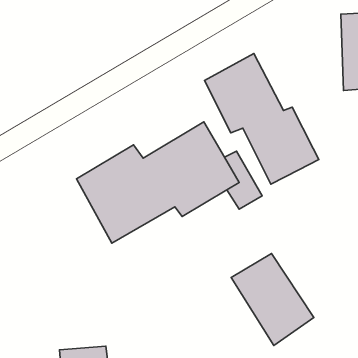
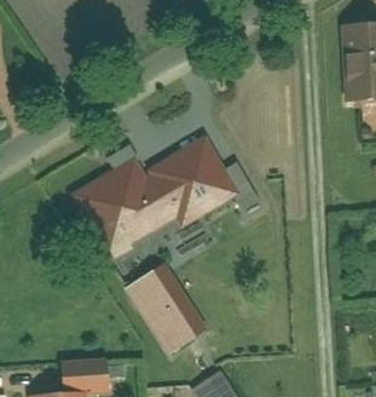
building: [204,53,319,184] -> none
building: [231,253,314,345] -> [125,263,207,355]

